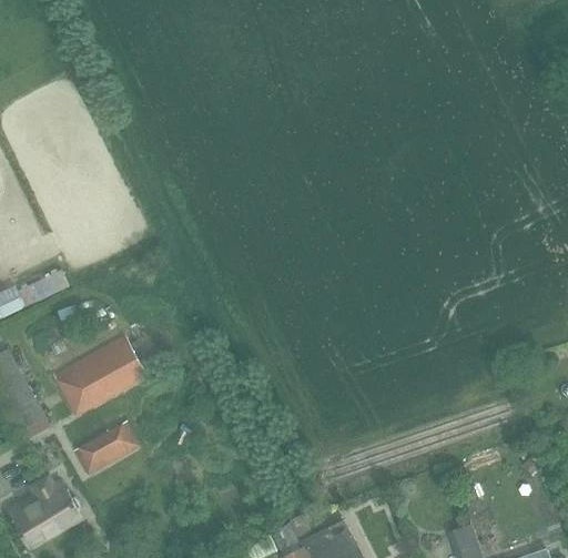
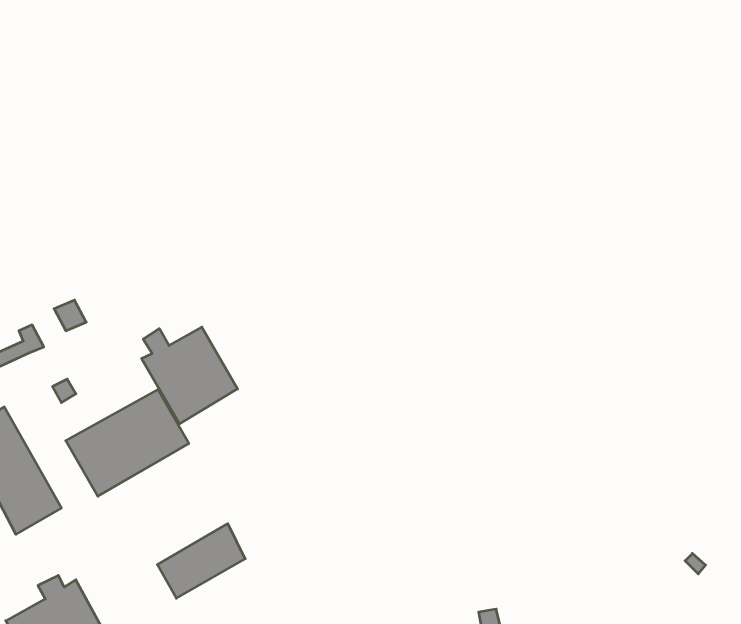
building: none -> [142,327,238,424]
building: [71,419,138,476] -> [157,524,245,598]

